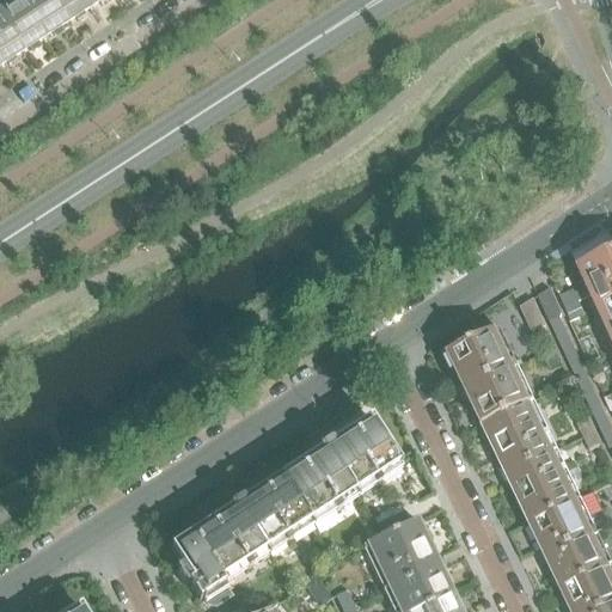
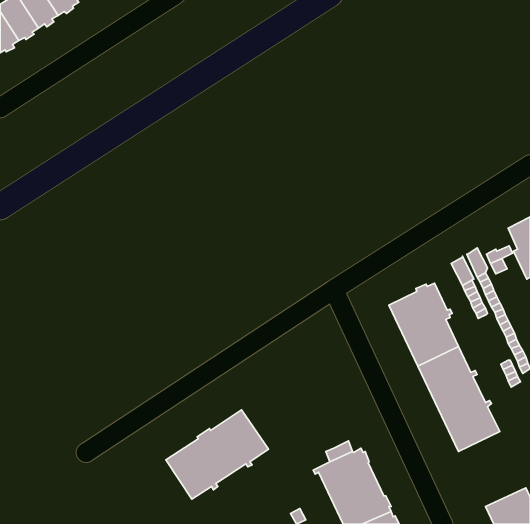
building: [279,414,399,518] -> none
building: [528,497,606,583] -> none
building: [170,530,224,596] -> none

